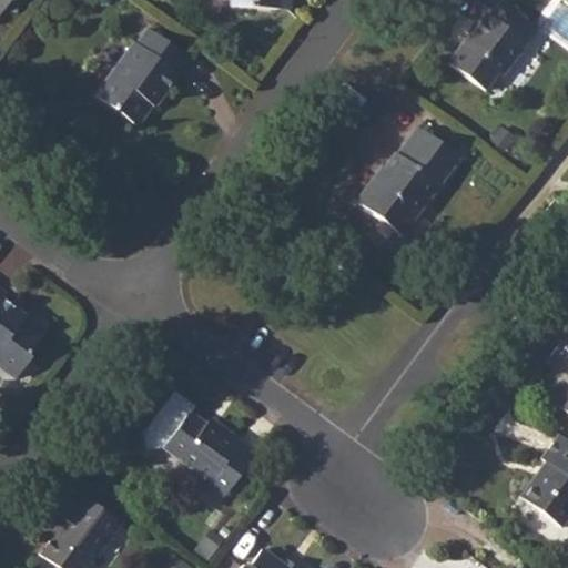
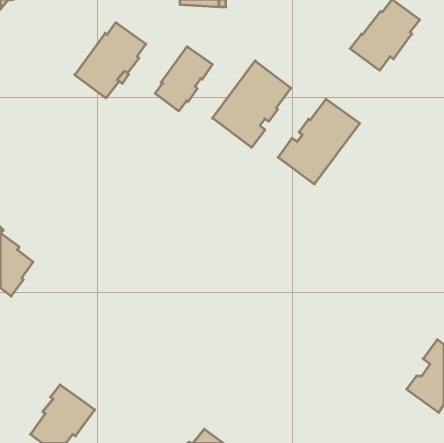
building: none -> [155,47,212,111]
building: none -> [212,61,291,147]
building: [142,390,253,501] -> none

